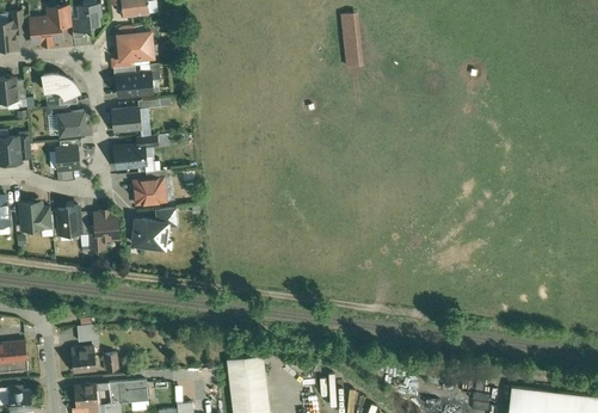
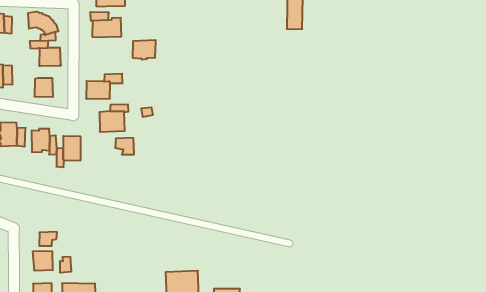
building: [112,109,140,132] -> [133,40,156,60]
building: [132,220,166,248] -> none

